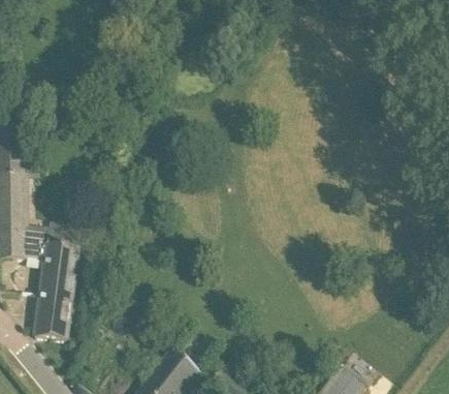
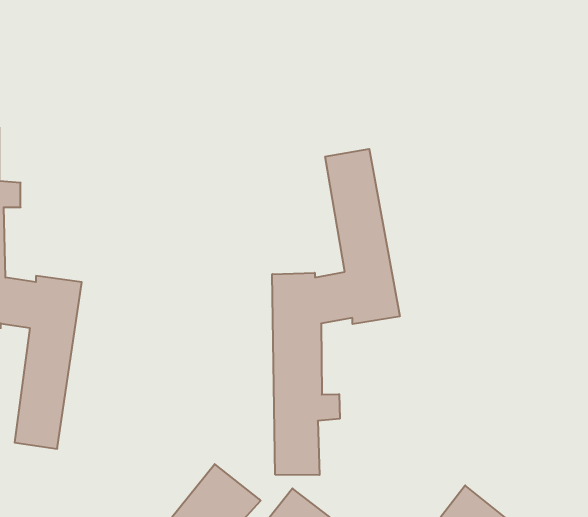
building: none -> [272,149,400,475]

